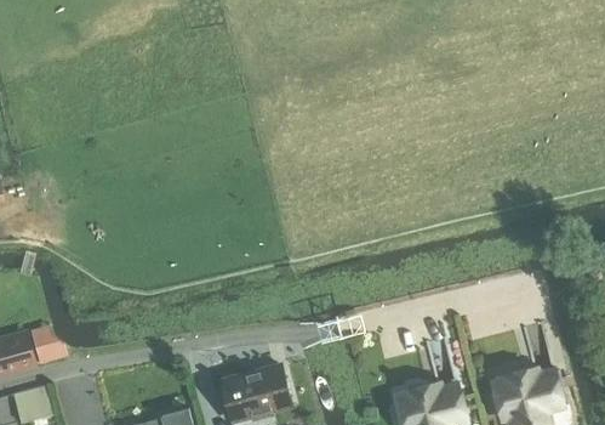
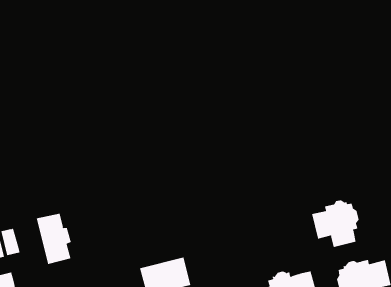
building: none -> [312,200,359,248]
building: none -> [36,213,71,265]

